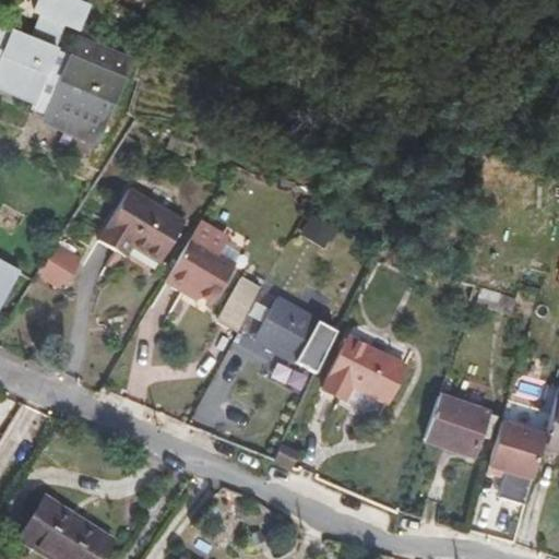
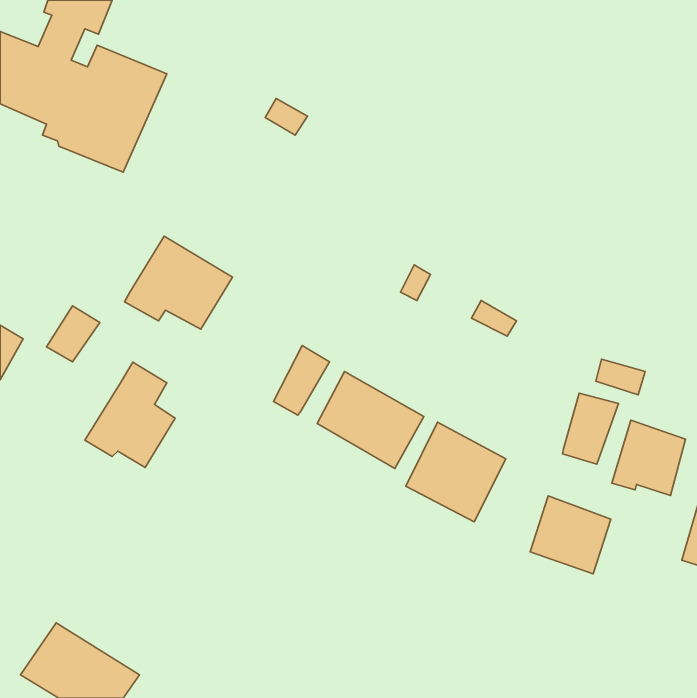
building: [165,221,237,305] -> [85,362,175,467]
building: none -> [562,393,618,464]
building: [487,420,546,480] -> [612,420,686,495]

